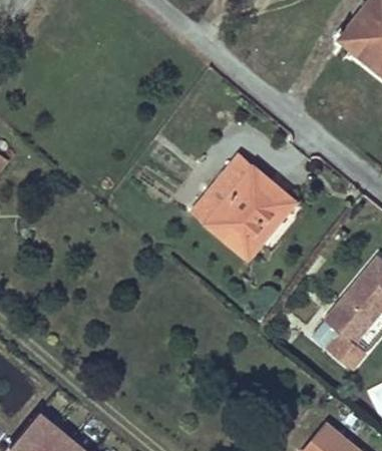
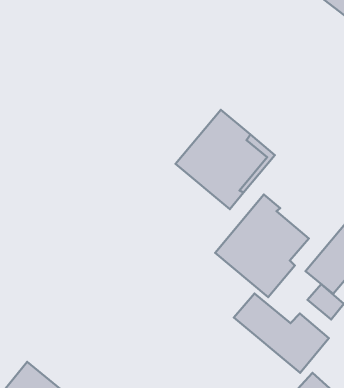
building: none -> [215,194,309,297]
building: none -> [234,293,329,373]

